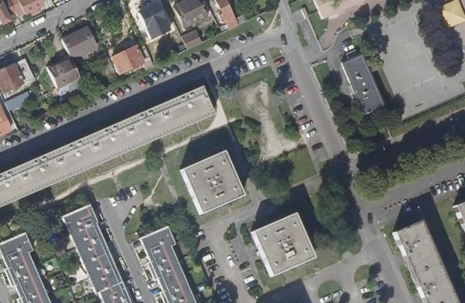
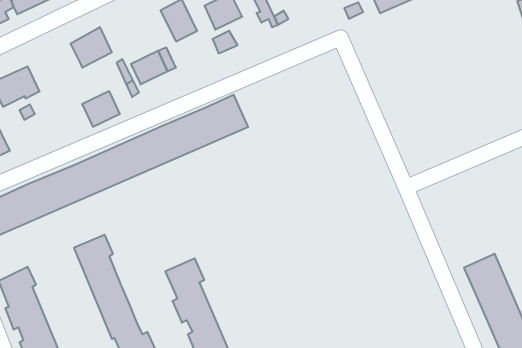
building: [342,52,385,112] -> none
building: [48,60,80,90] -> [82,91,120,127]
building: [180,151,240,212] -> none
building: [252,211,312,272] -> none

